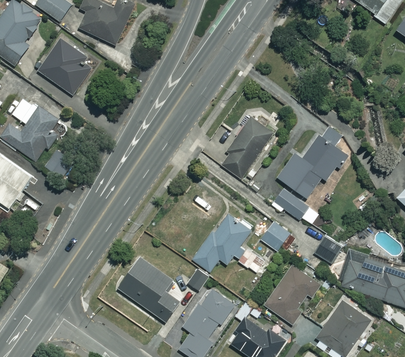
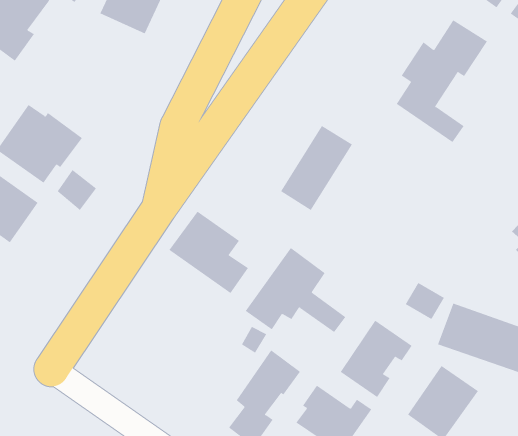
building: [38,39,90,96] -> none
building: [273,136,344,231] -> [396,20,488,143]
building: [261,221,290,251] -> none
building: [117,257,179,321] -> [168,211,249,294]

